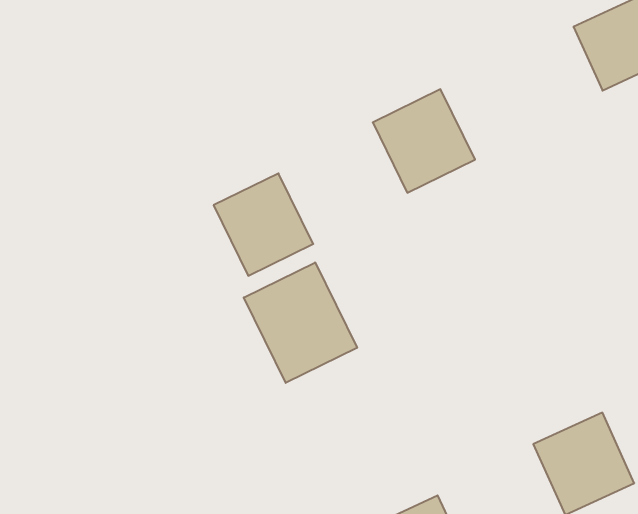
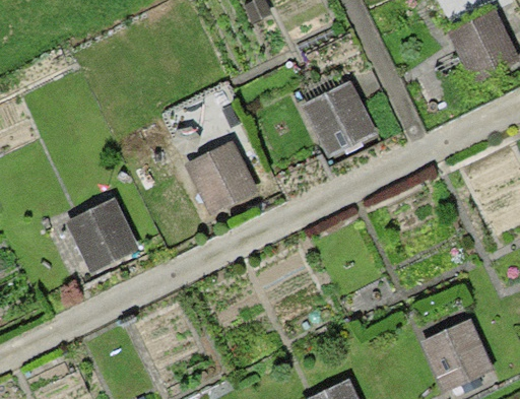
building: none -> [66,198,140,273]
building: [244,262,357,383] -> none

